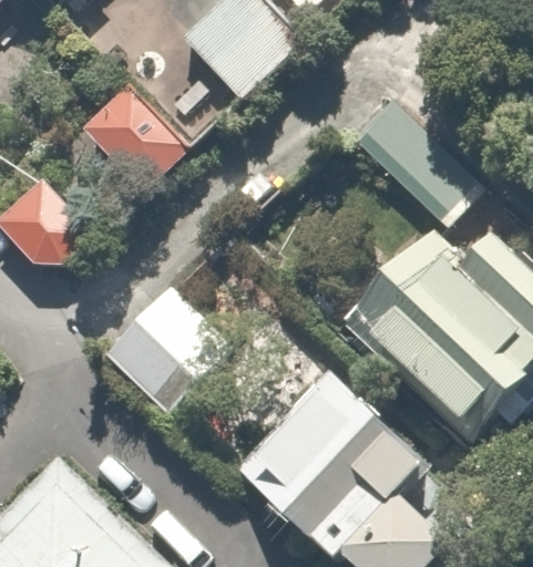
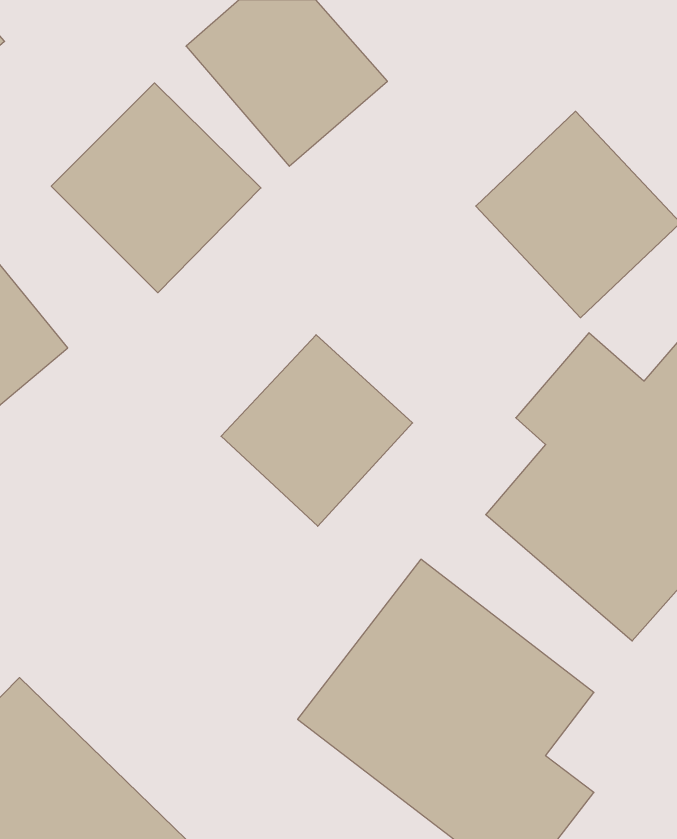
building: [101,288,228,415] -> [221,335,413,526]

